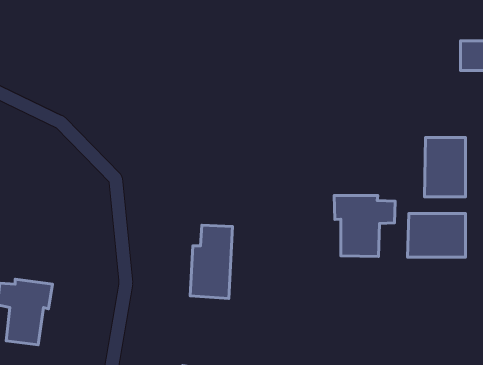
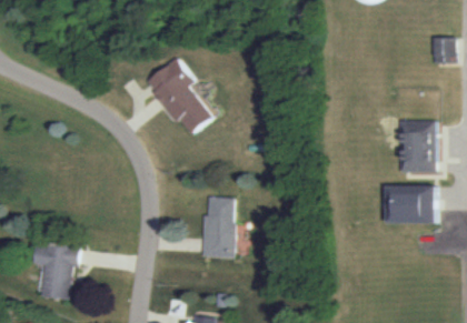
building: none -> [145,57,211,133]
building: [334,195,395,256] -> none

